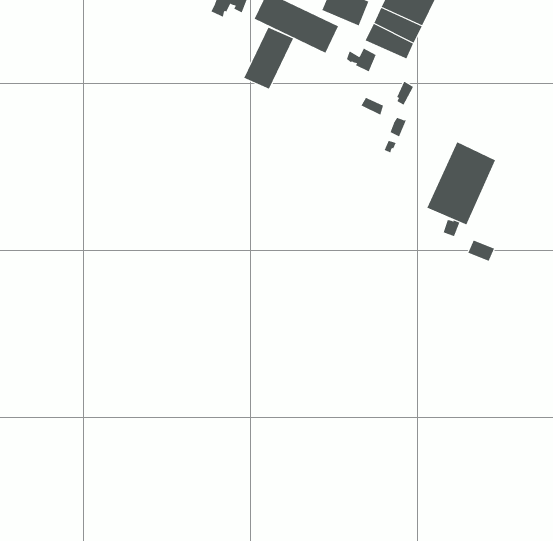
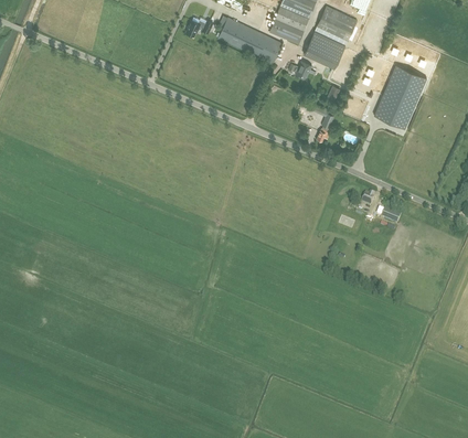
building: [243,27,294,90] -> none
building: [427,142,496,225] -> [373,64,426,128]

